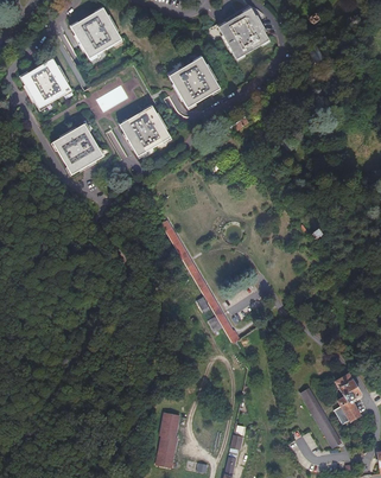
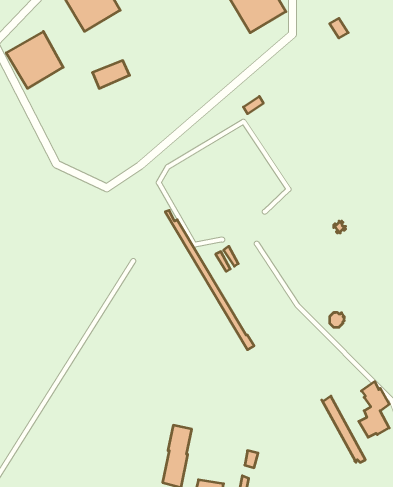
building: [167,57,218,108] -> none
building: [118,106,169,157] -> none
building: [50,123,102,174] -> none

